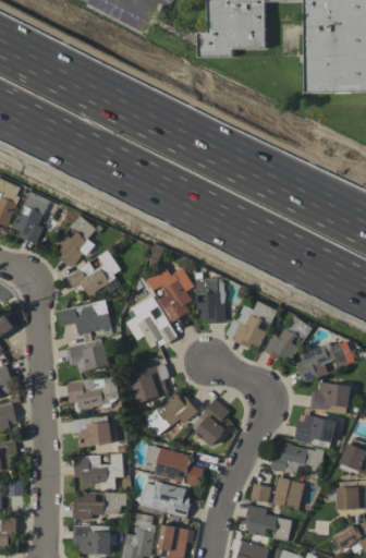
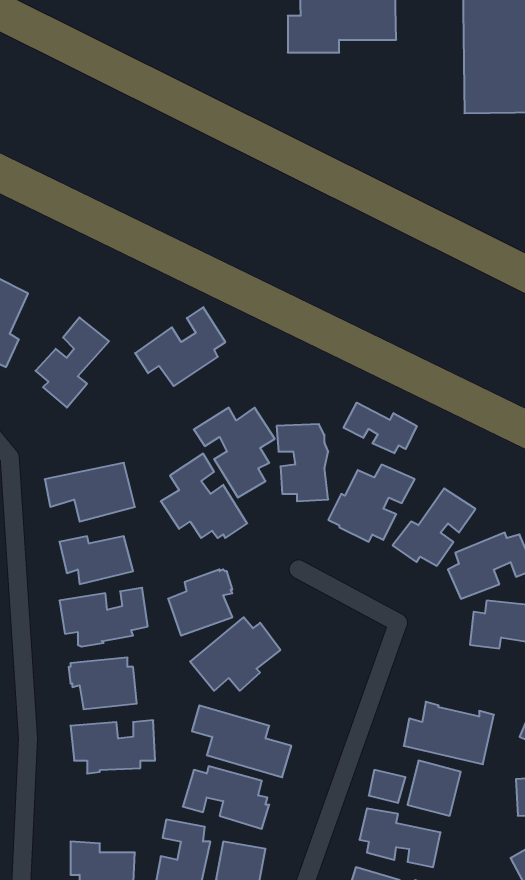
building: [66,250,120,296] -> [135,307,225,386]
building: none -> [344,403,417,453]
building: [194,399,231,446] -> none
building: [294,414,337,444] -> none
building: [72,492,125,521] -> none

